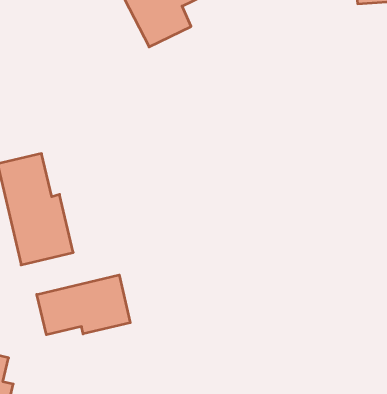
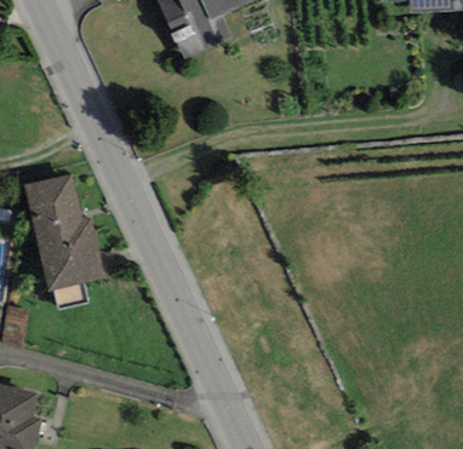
building: [37,275,130,335] -> none

